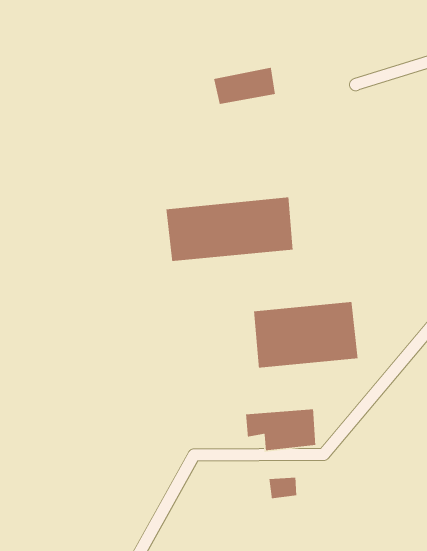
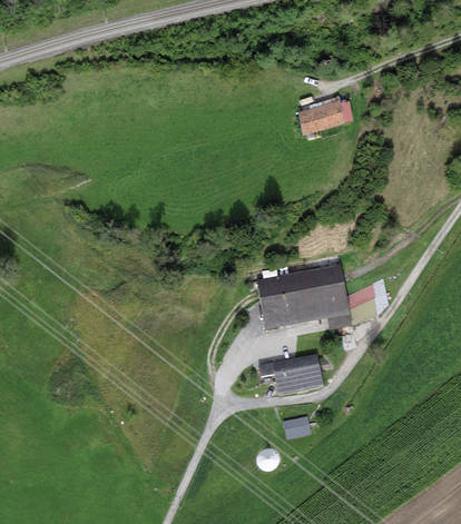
building: [213,67,276,105] -> [291,98,343,132]
building: [165,197,294,262] -> none

